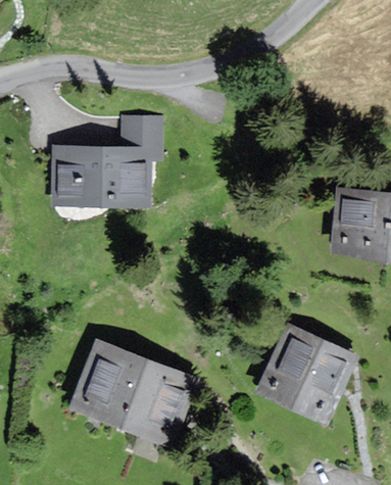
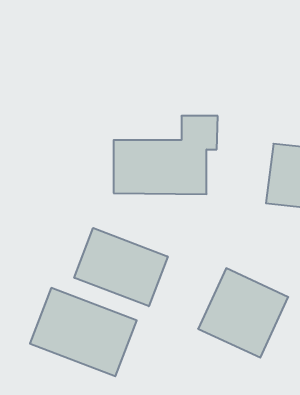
building: [52,118,166,204] -> [114,116,218,194]
building: none -> [74,228,168,306]

